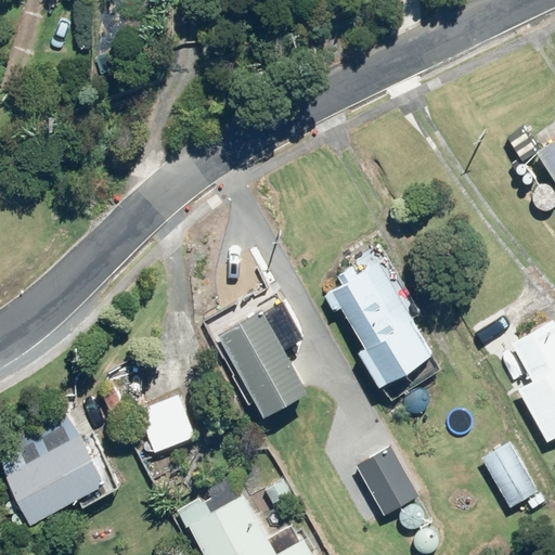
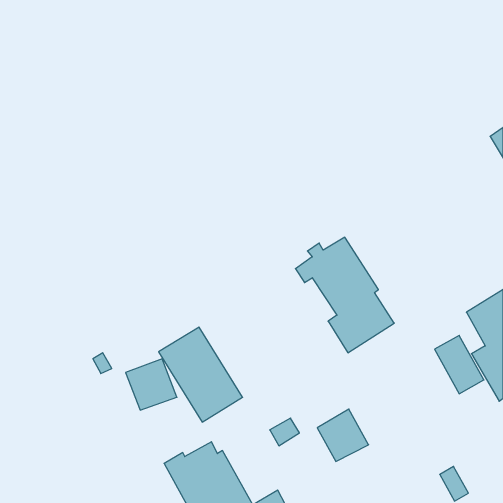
building: [219,305,311,409] -> [159,327,243,422]
building: [5,437,106,525] -> none
building: [483,444,538,508] -> [435,335,484,394]

